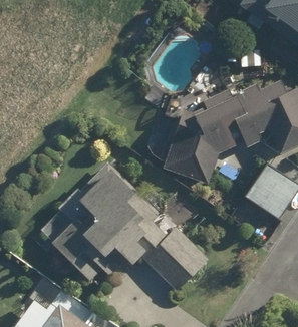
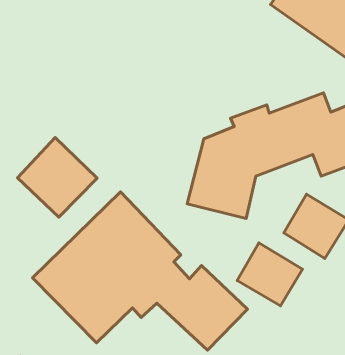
building: none -> [17,138,97,217]
building: none -> [237,243,303,306]

